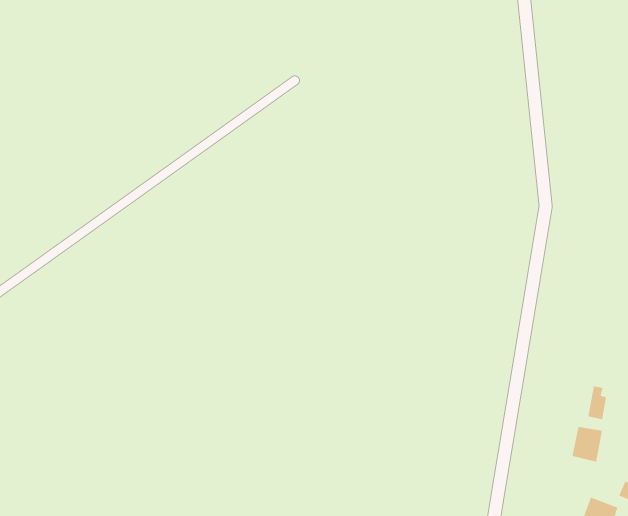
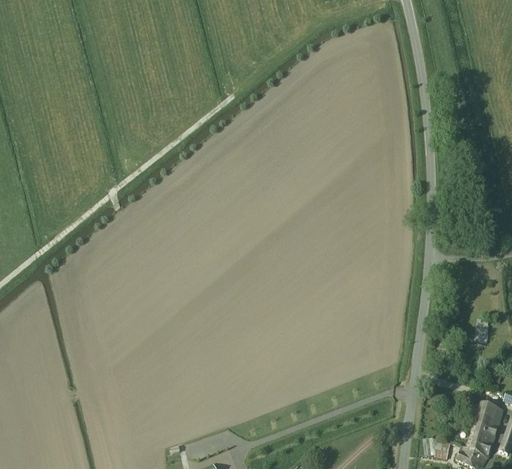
building: [572,426,602,463] -> none

